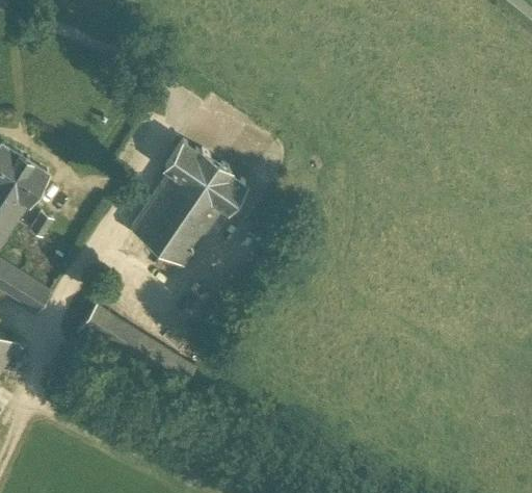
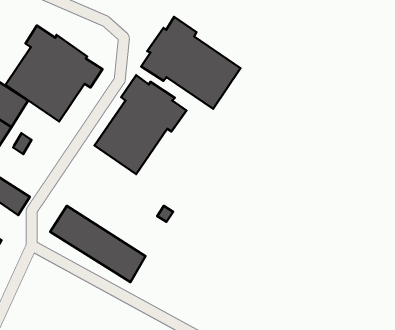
building: none -> [141,17,241,109]
building: none -> [5,25,103,122]

